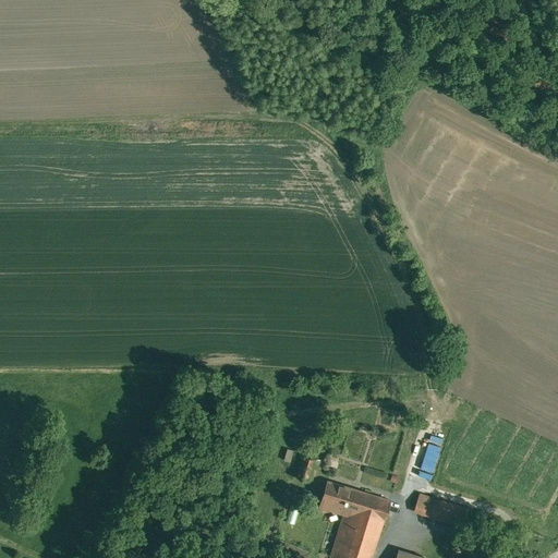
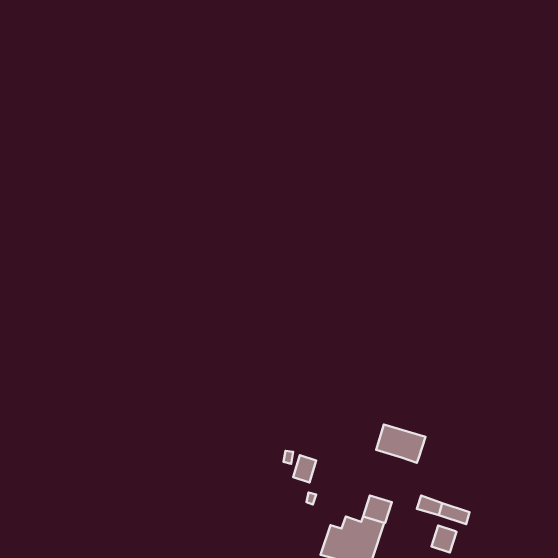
building: [320,483,369,521] -> [376,425,426,463]
building: none -> [432,526,456,553]

